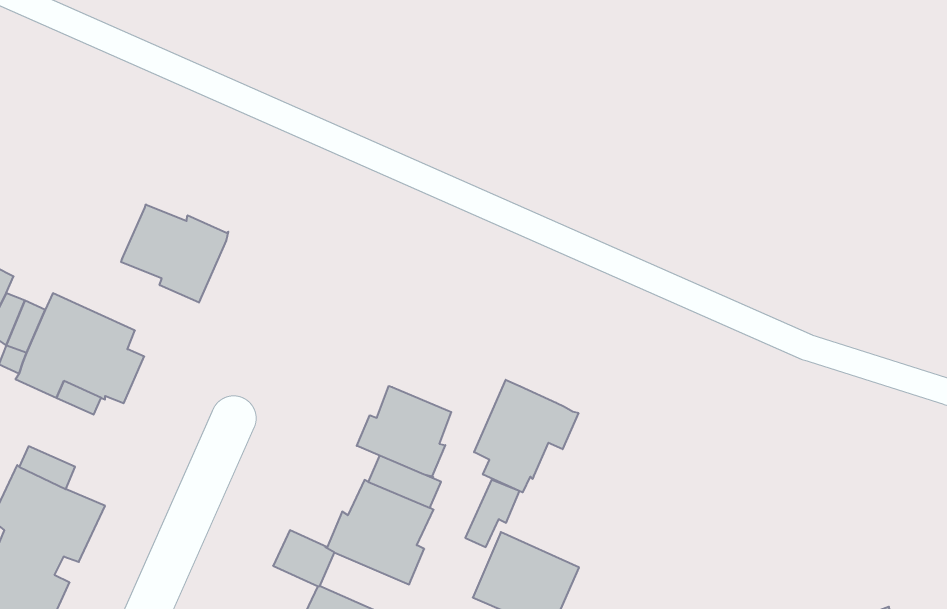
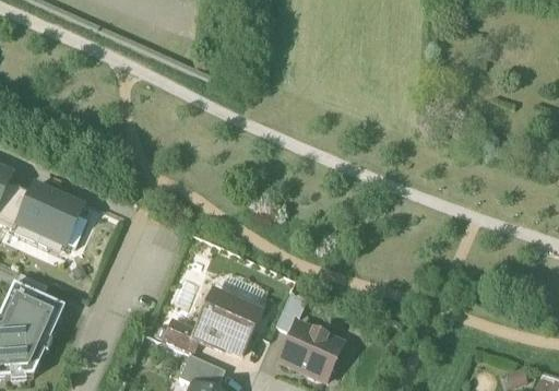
building: [121,204,228,303] -> none
building: [474,380,578,492] -> none
building: [357,386,451,477] -> none

